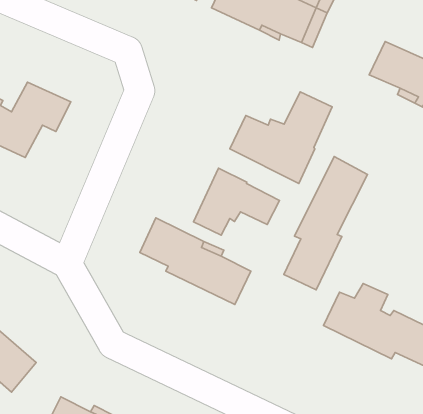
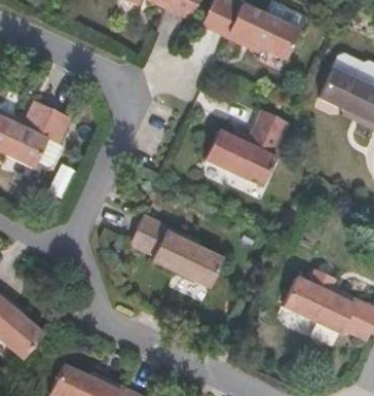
building: [284,156,368,290] -> none
building: [194,168,280,235] -> none

